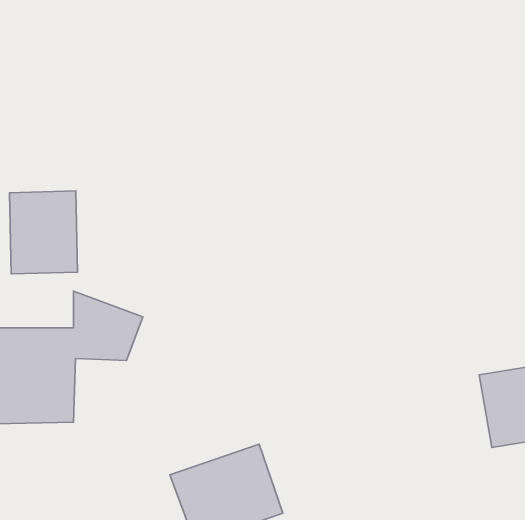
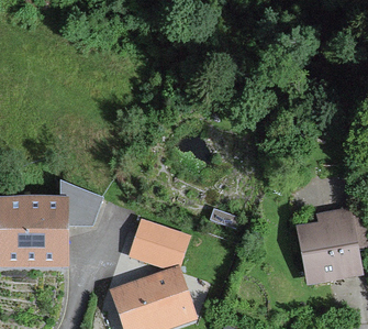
building: [9,191,77,274] -> none
building: none -> [131,220,189,270]

